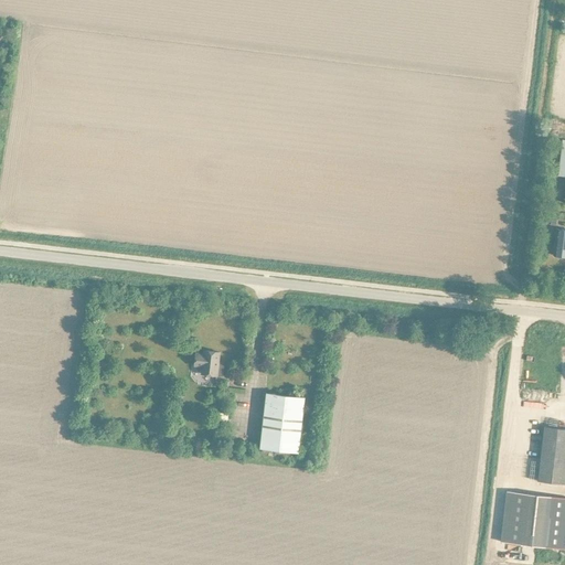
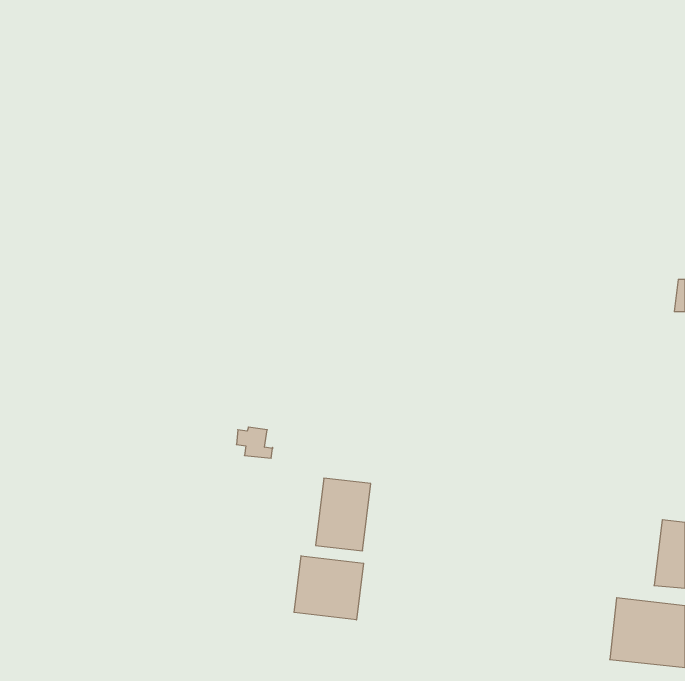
building: none -> [294,556,364,620]

